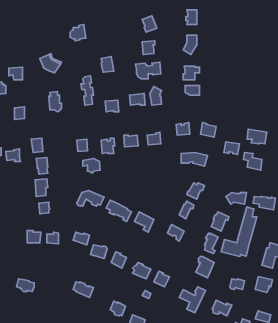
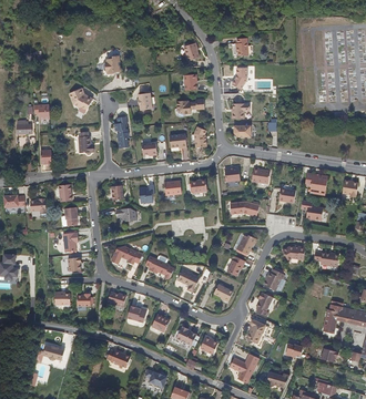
building: [221,207,257,257] -> none

